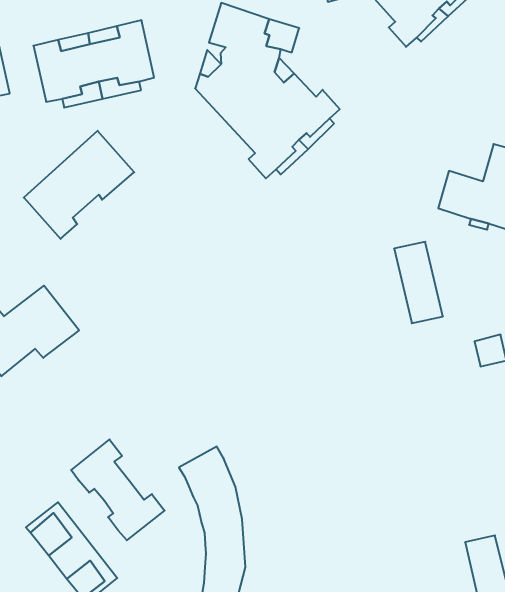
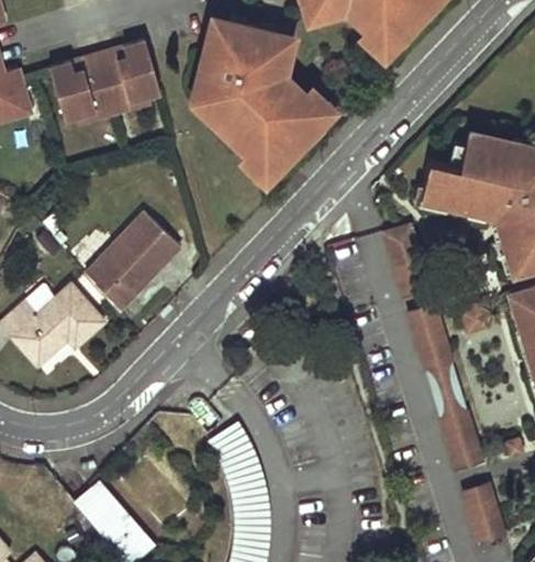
building: [24,131,134,239] -> [85,212,182,311]
building: none -> [409,305,482,471]
building: [71,439,165,540] -> none

